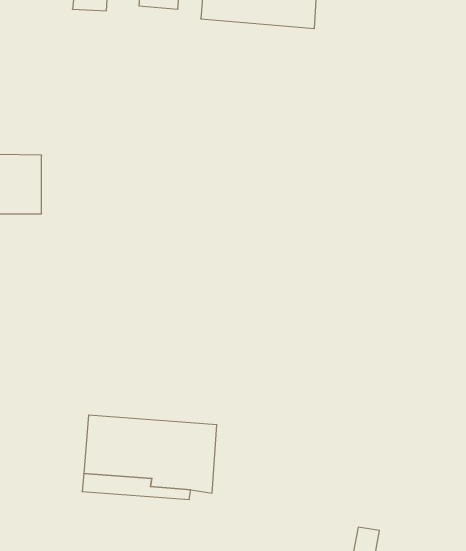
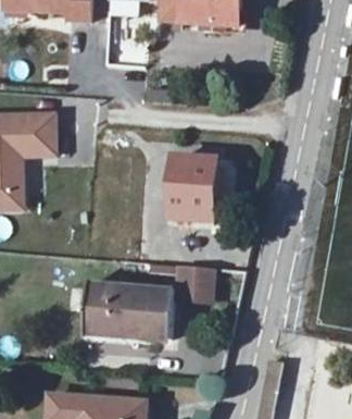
building: none -> [167,158,214,221]
building: none -> [172,267,210,301]

